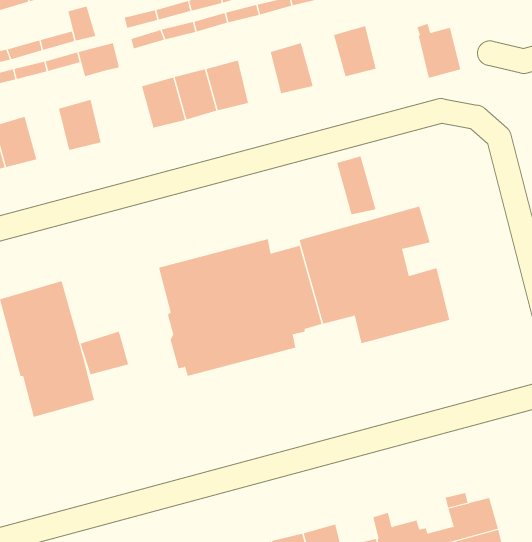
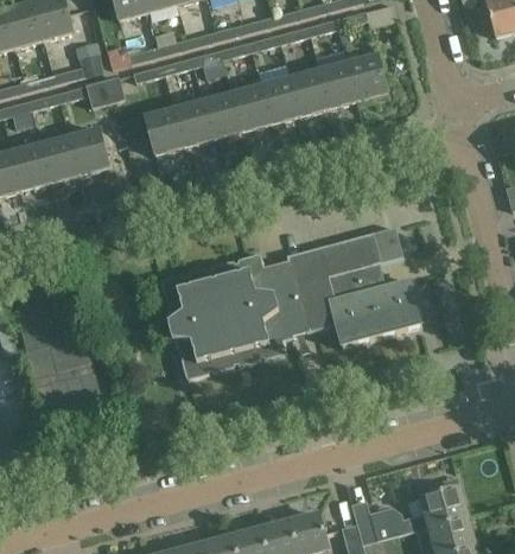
building: [416,23,461,79] -> [345,50,386,100]
building: none -> [288,69,328,115]
building: none -> [231,84,269,130]
building: none -> [39,135,78,182]
building: [337,156,376,215] -> none
building: [80,331,129,375] -> none

